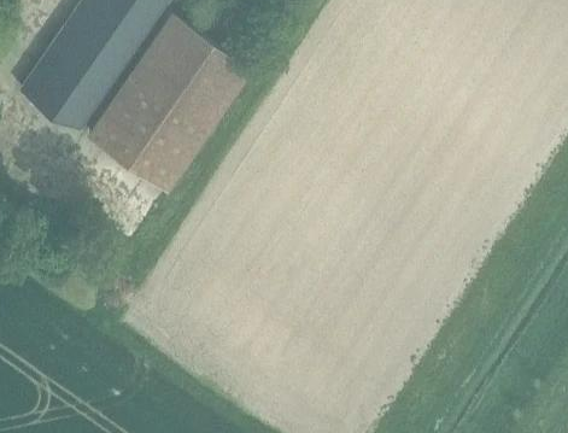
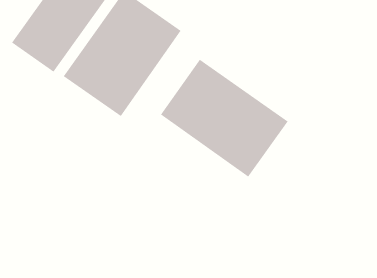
building: none -> [160,59,289,177]

